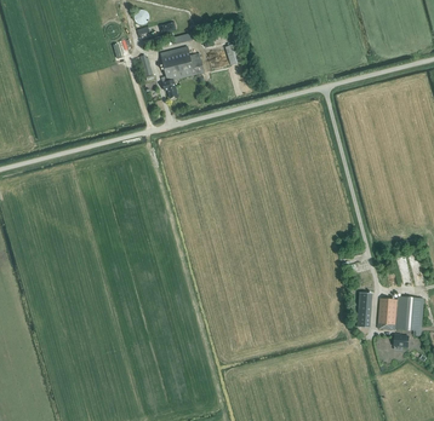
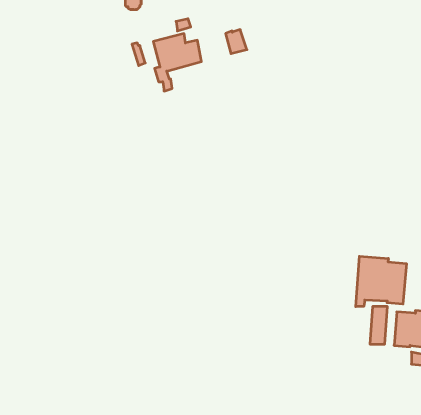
building: none -> [356,256,406,307]

